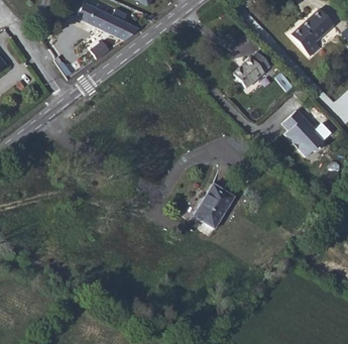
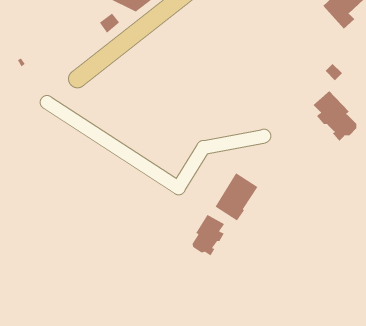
building: [233,51,270,88] -> none
building: none -> [191,214,225,257]

